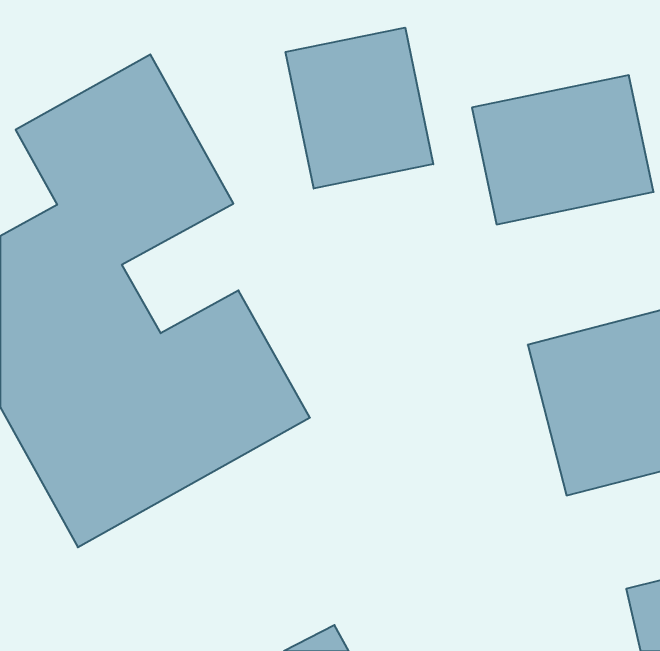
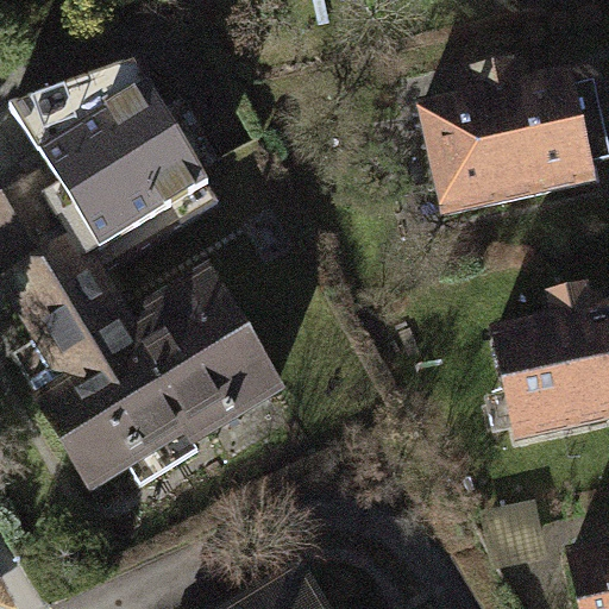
building: [286,28,433,189] -> none

